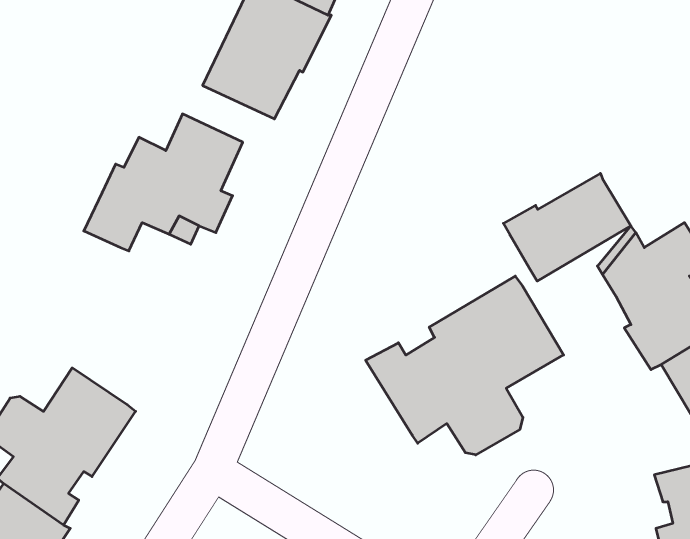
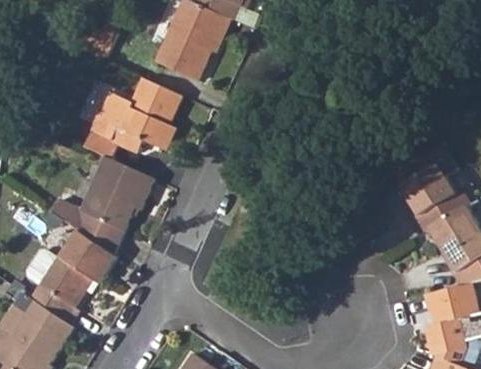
building: [503,173,631,281] -> none
building: none -> [72,157,152,251]
building: [366,276,564,455] -> none

